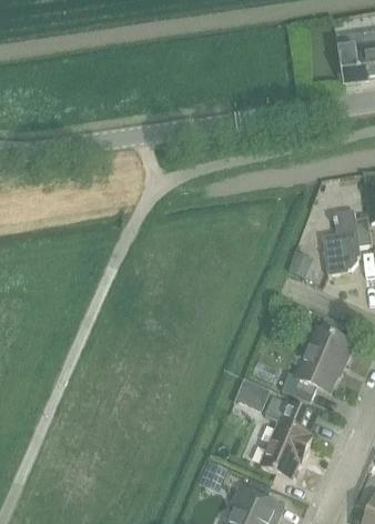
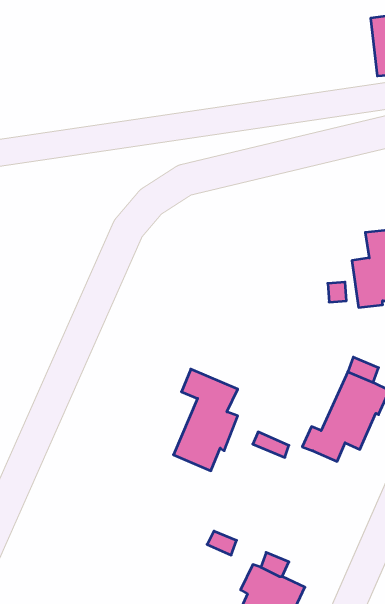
building: [260,394,313,478] -> [173,369,238,471]

